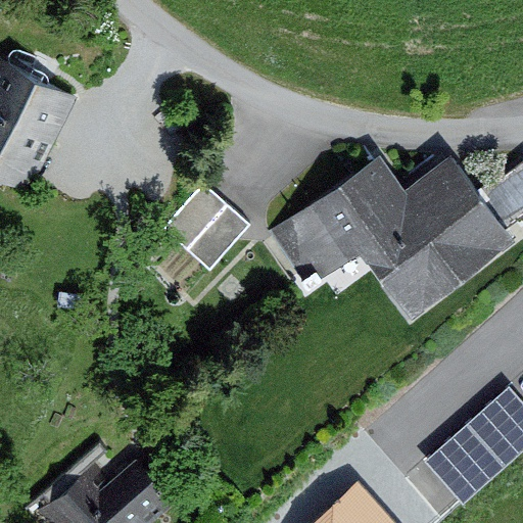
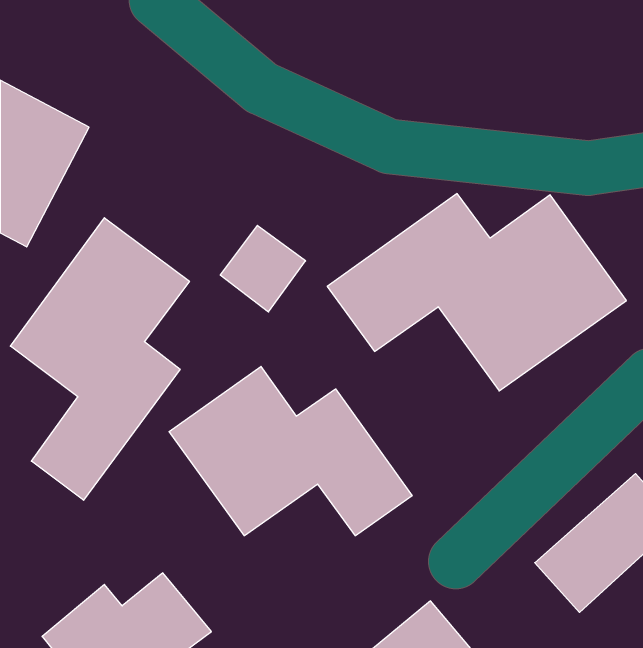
building: none -> [10,218,189,500]
building: none -> [169,366,412,536]

